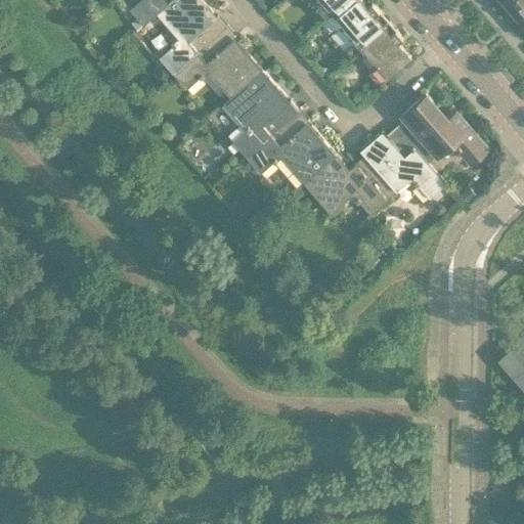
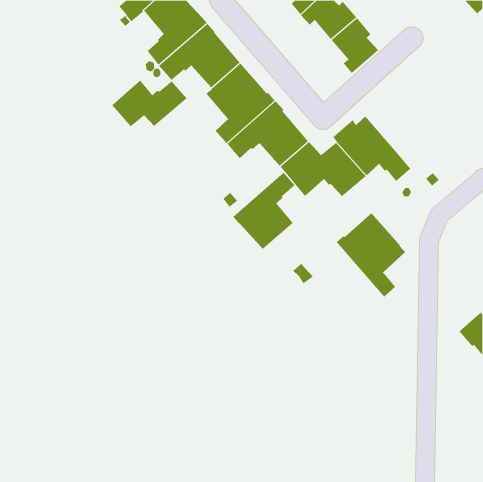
building: none -> [112,80,188,127]
building: [395,93,485,165] -> none
building: none -> [232,172,295,250]
building: none -> [336,213,406,297]

